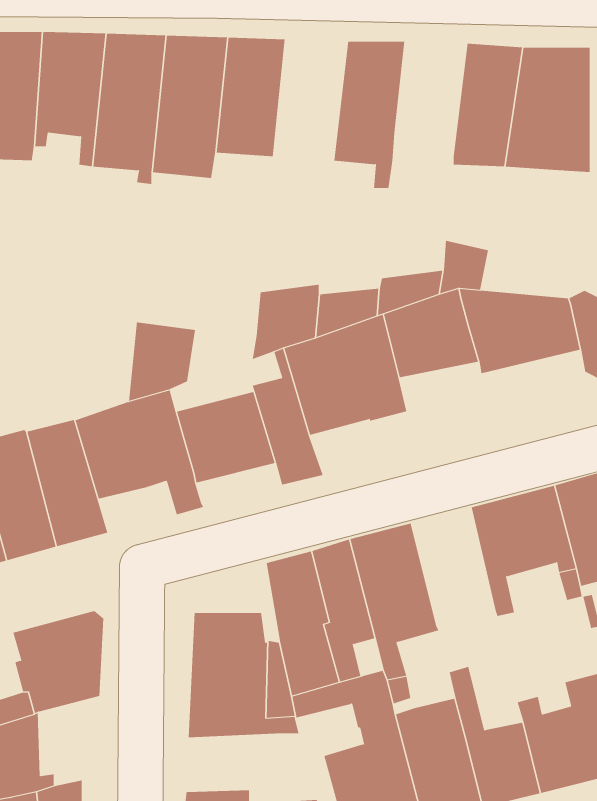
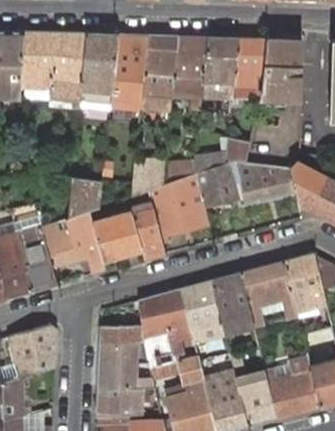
building: none -> [140,36,178,112]
building: none -> [201,37,238,100]
building: none -> [210,273,253,333]
building: none -> [97,388,142,417]

